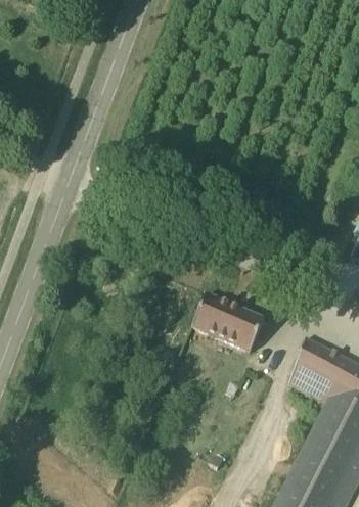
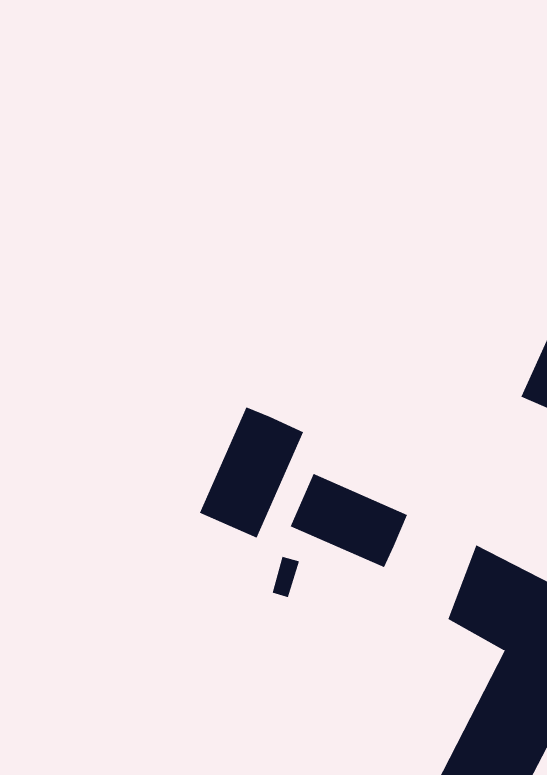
building: none -> [199,406,304,539]

